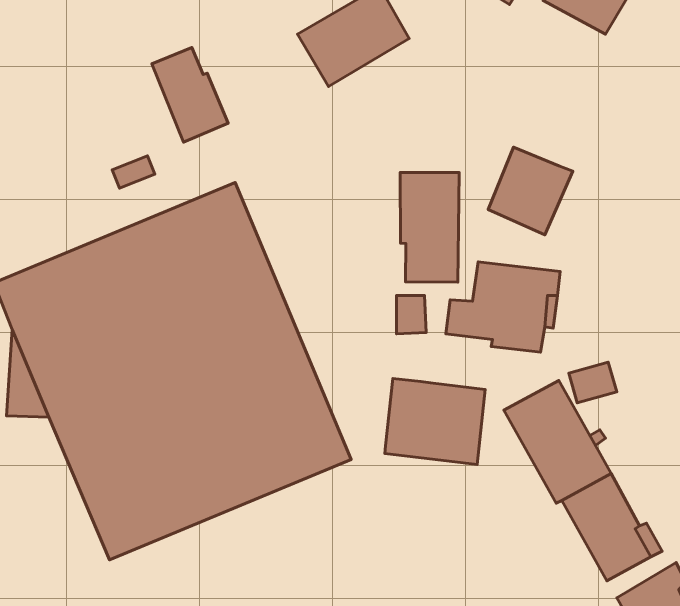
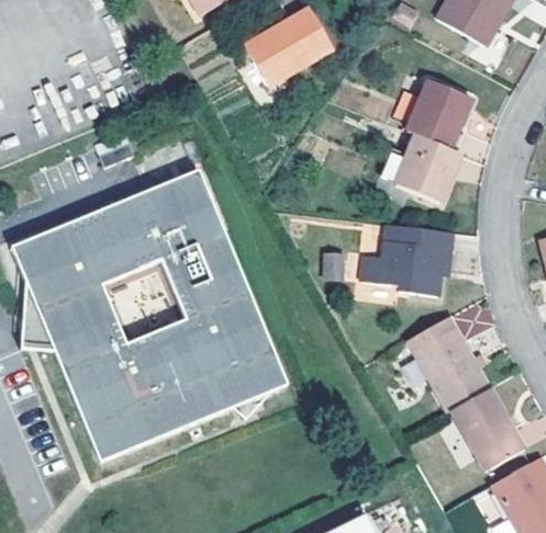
building: [152,47,228,142] -> none
building: none -> [406,81,470,150]
building: [400,172,459,282] -> none
building: [385,378,485,465] -> none

